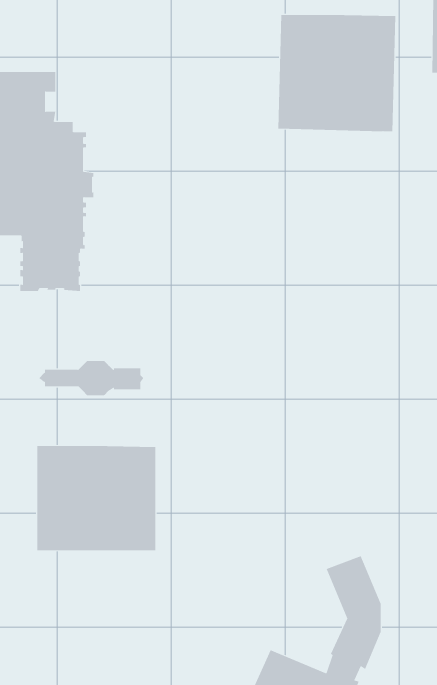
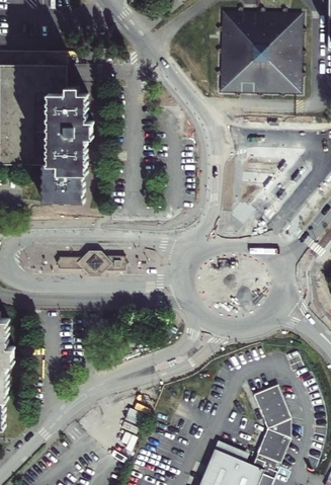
building: [37,445,156,551] -> none

